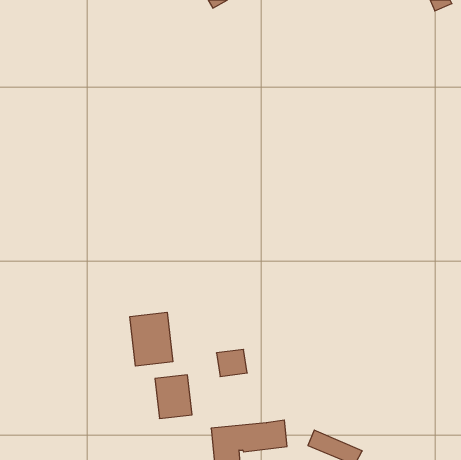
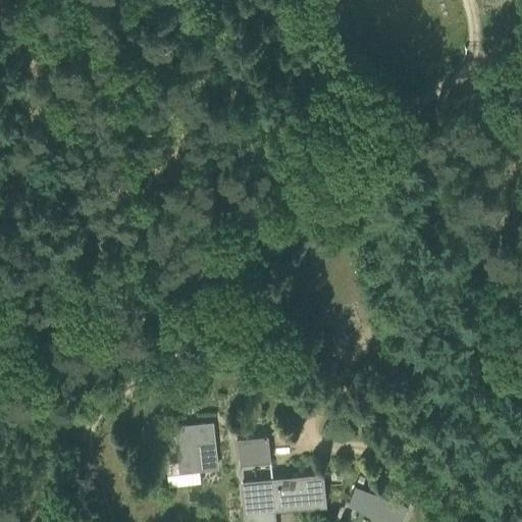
building: [130,312,173,366] -> none
building: [216,349,247,377] -> [237,437,271,468]

